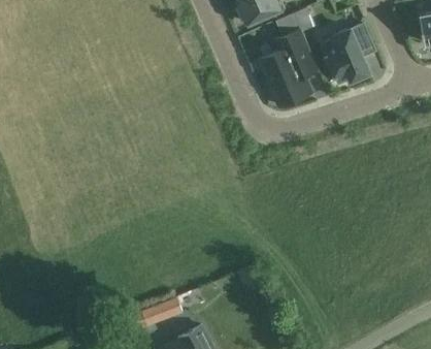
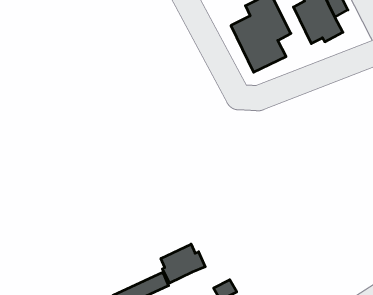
building: none -> [161,244,205,283]

